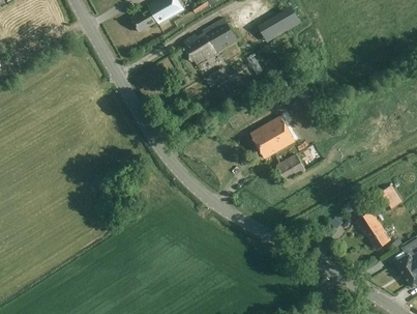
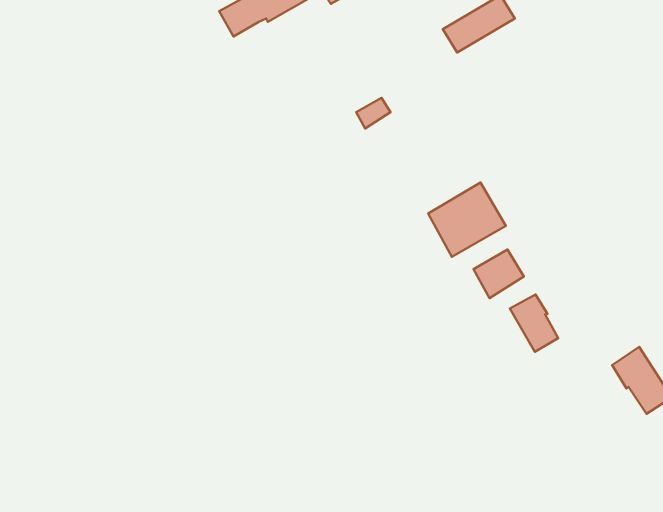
building: [183,20,235,63] -> none
building: none -> [510,294,558,352]

